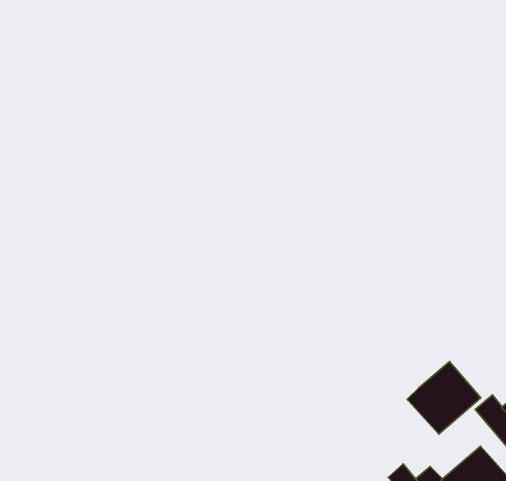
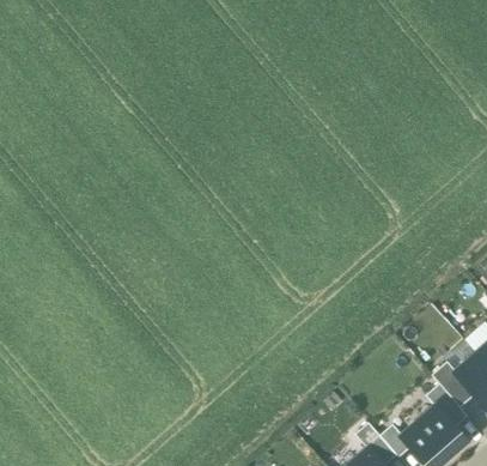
building: [407,362,481,434] -> none

